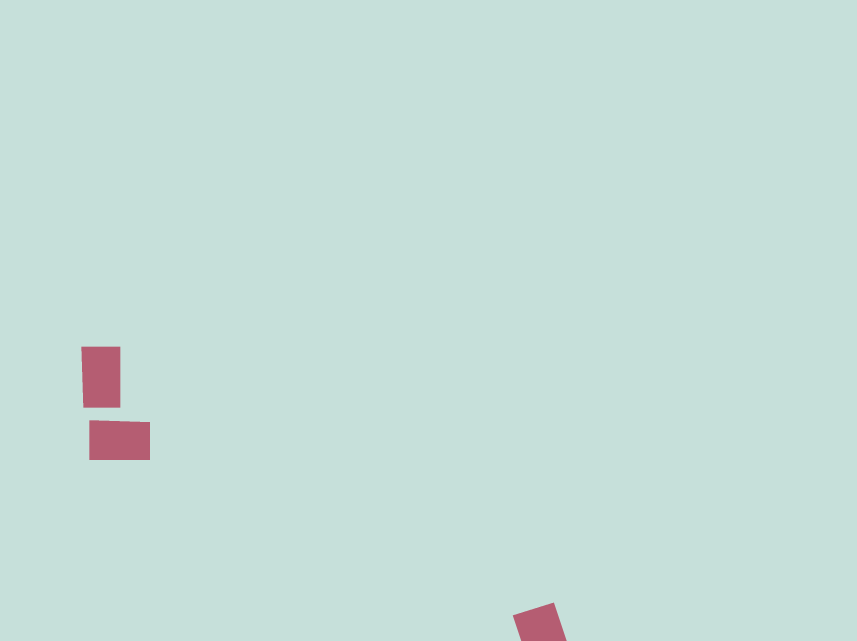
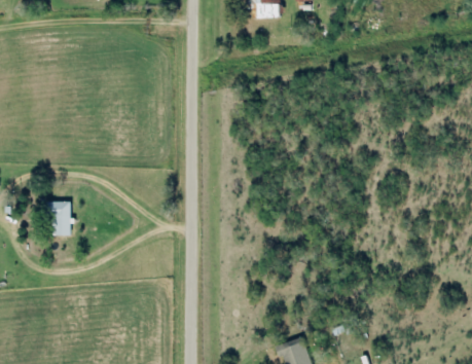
building: [89,419,150,461] -> none

